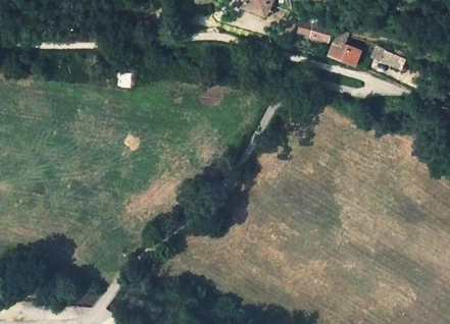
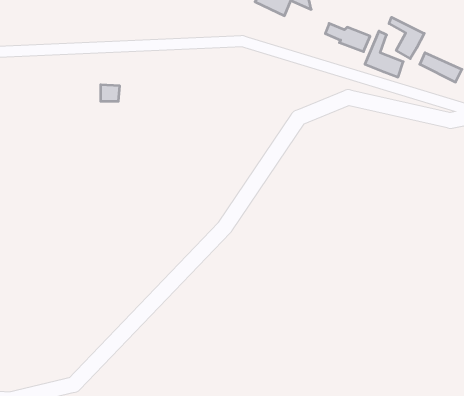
building: none -> [389,17,424,59]

